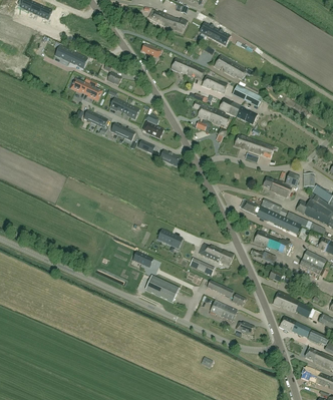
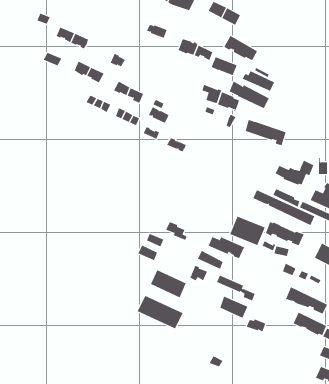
building: none -> [229,216,265,246]
building: none -> [137,295,183,329]

